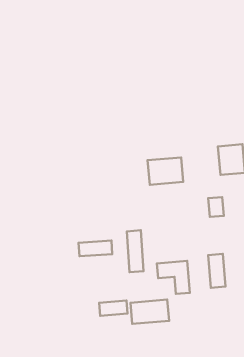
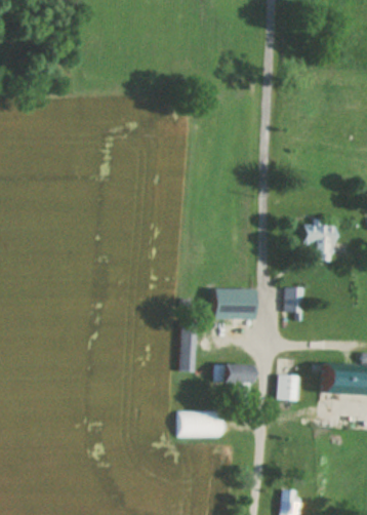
building: [148,157,183,185] -> [214,288,256,319]
building: [79,241,112,256] -> none
building: [99,301,127,316] -> none

